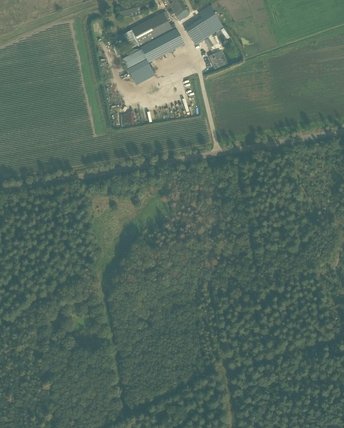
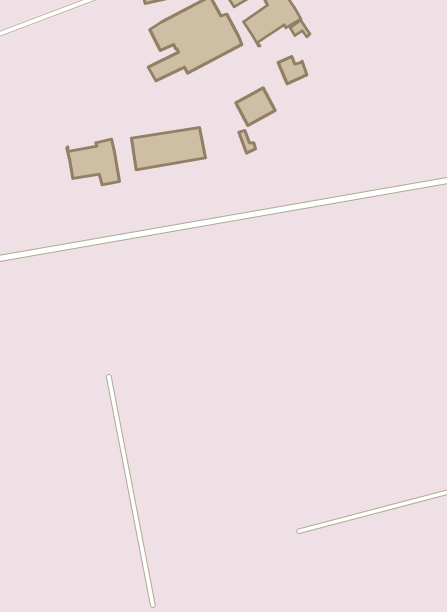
building: [127,60,153,85] -> [236,88,275,126]
building: none -> [67,139,120,185]

